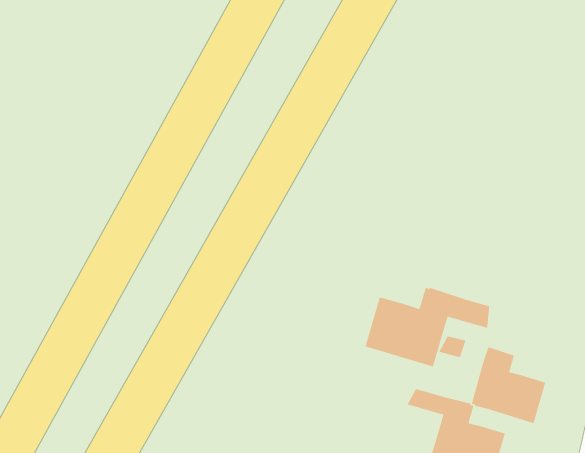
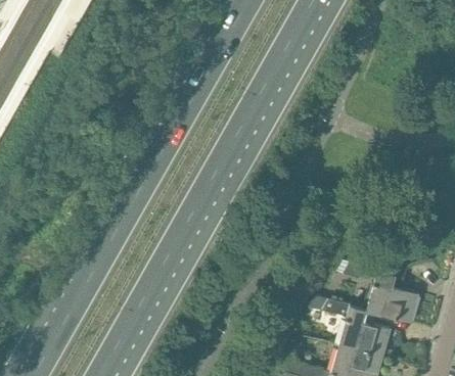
building: [364,286,490,367] -> none

